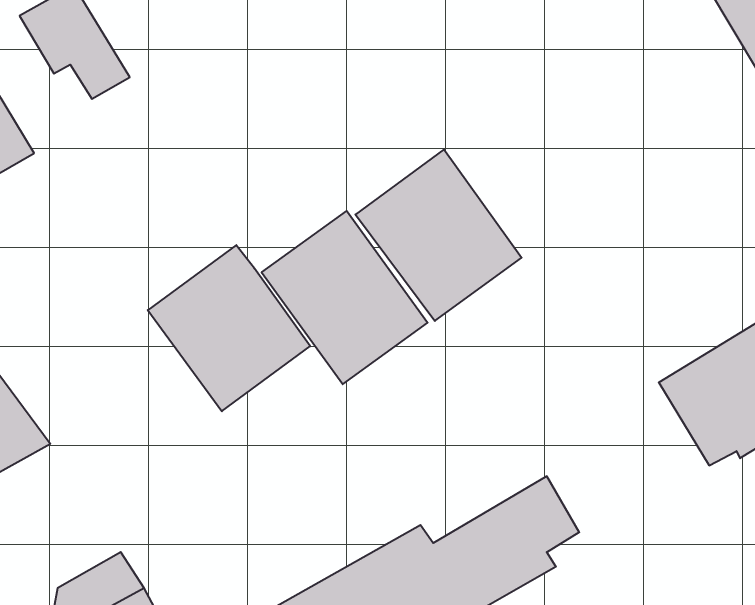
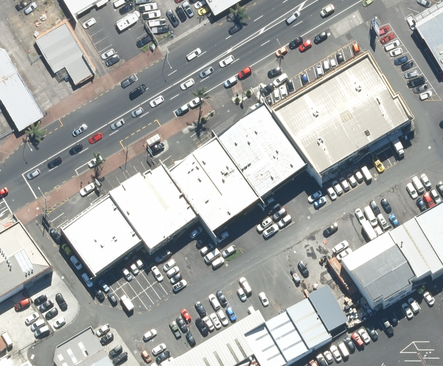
building: none -> [271,51,416,173]
building: none -> [53,199,134,278]
building: none -> [339,239,417,314]

